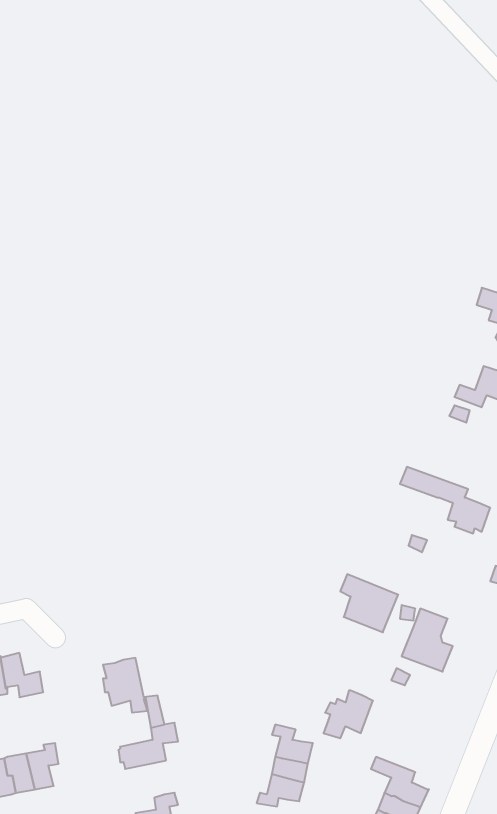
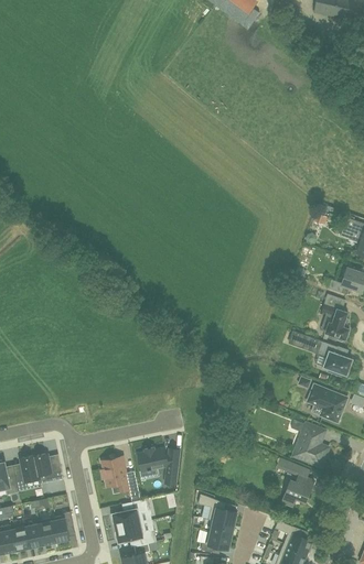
building: none -> [321,305,349,341]
building: [340,574,398,632] -> [309,386,346,423]
building: none -> [137,448,178,485]
building: [323,690,373,738] -> [281,476,313,507]
building: none -> [114,523,156,545]

